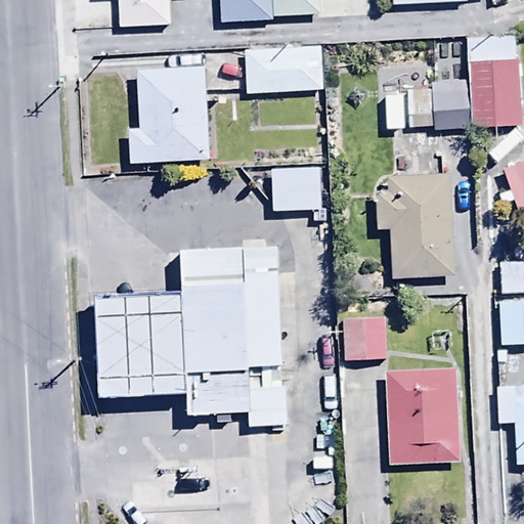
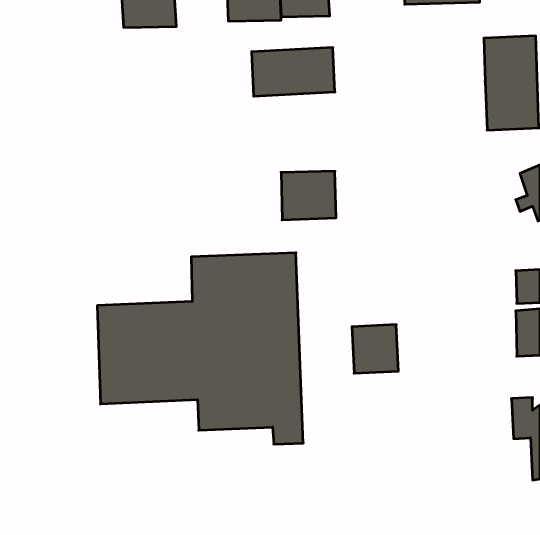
building: [129,68,211,162] -> none
building: [384,79,472,131] -> none
building: [378,173,456,277] -> none
building: [384,366,460,464] -> none

